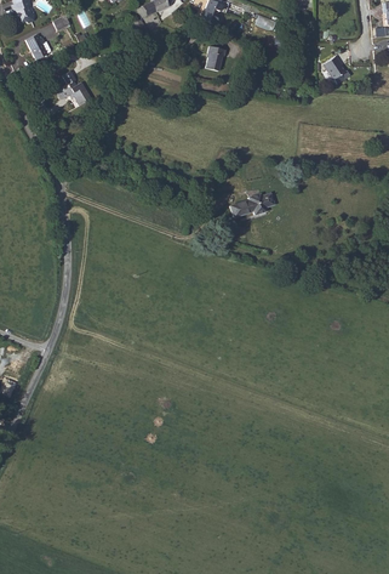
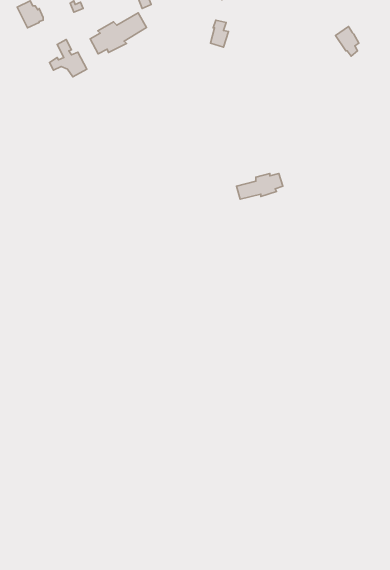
building: none -> [90,13,146,54]

